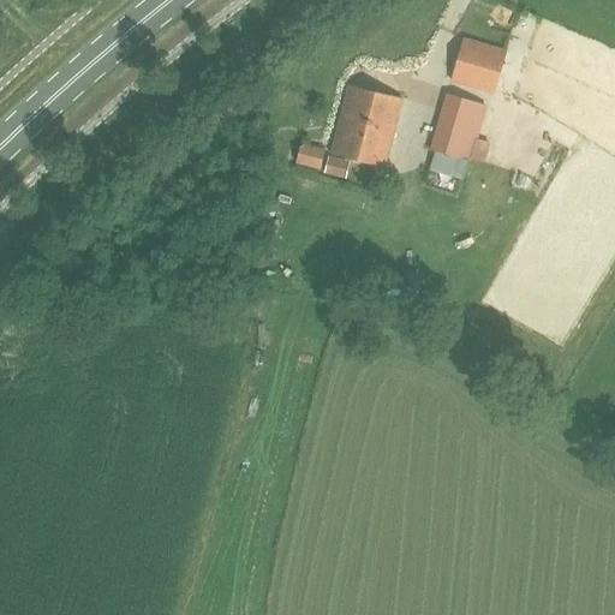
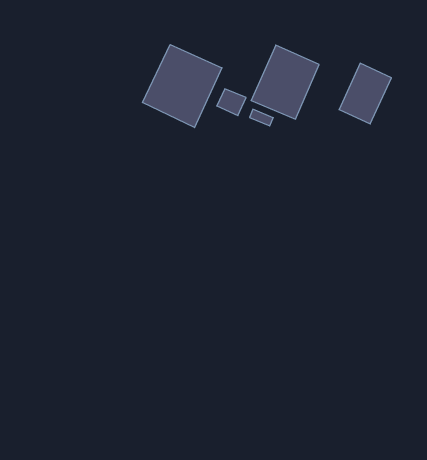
building: [452,38,503,91] -> none
building: none -> [143,45,222,128]

